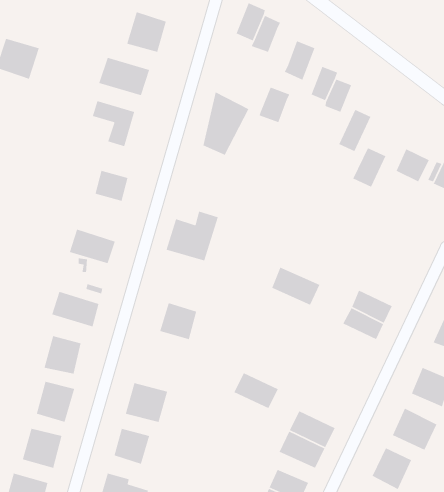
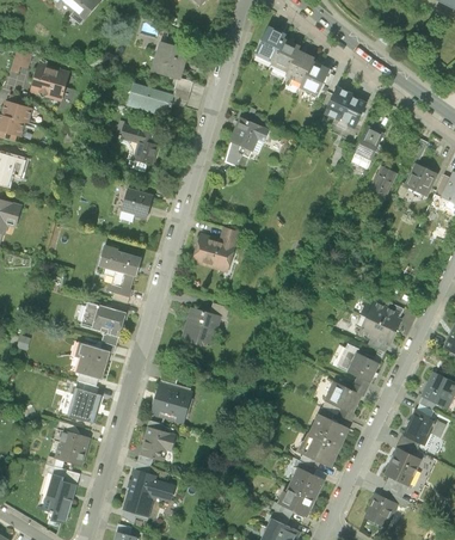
building: [259,86,290,123] -> [284,53,314,87]
building: [271,267,321,306] -> [333,346,380,383]
building: [233,372,279,409] -> [318,379,361,413]

